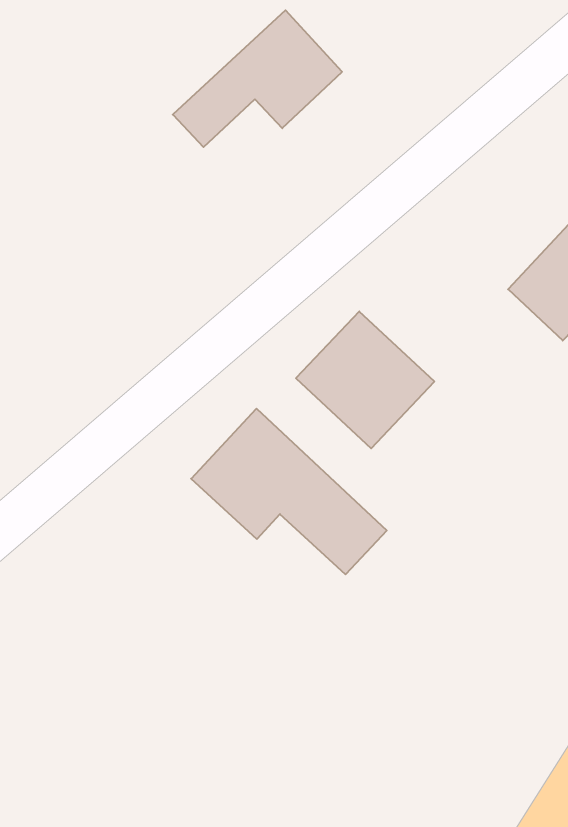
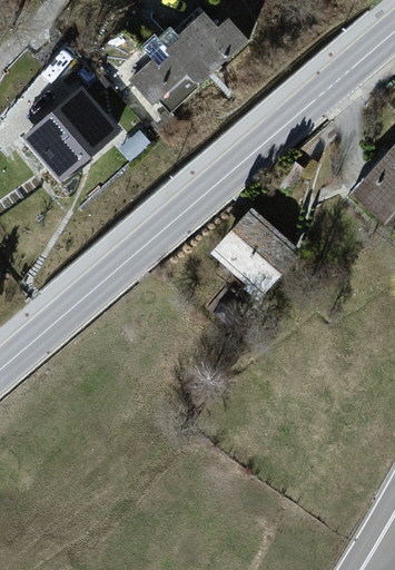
building: none -> [22,87,118,179]
building: [191,409,387,574] -> none

